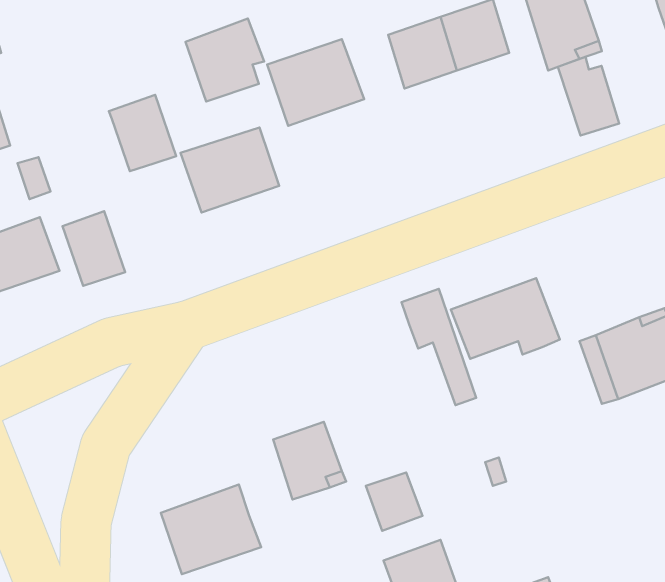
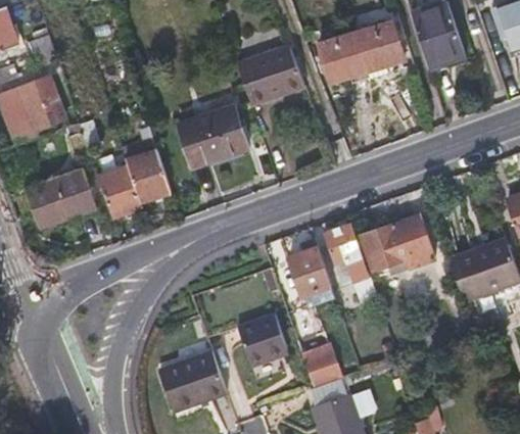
building: [186,18,264,102] -> none
building: [558,57,619,136] -> none
building: [109,95,176,171] -> [122,151,168,203]
building: none -> [290,244,332,292]

